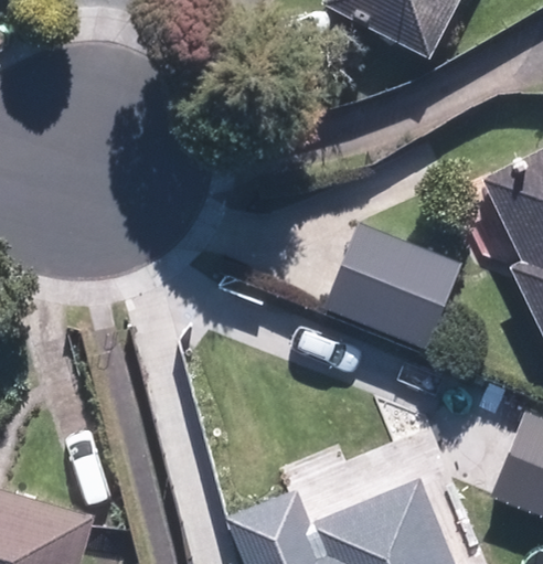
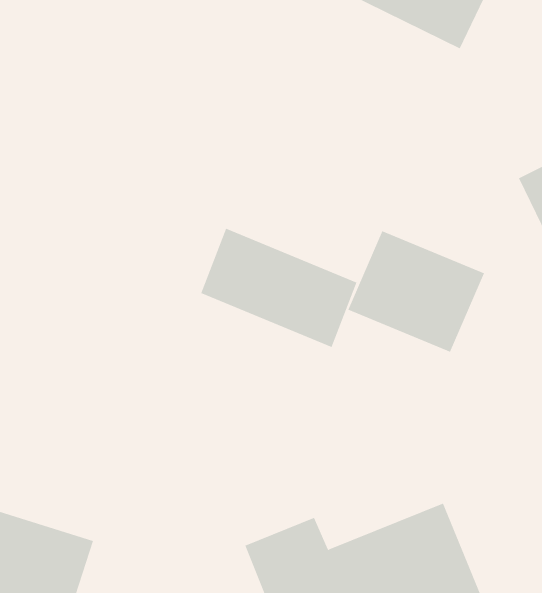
building: none -> [200,228,357,348]

